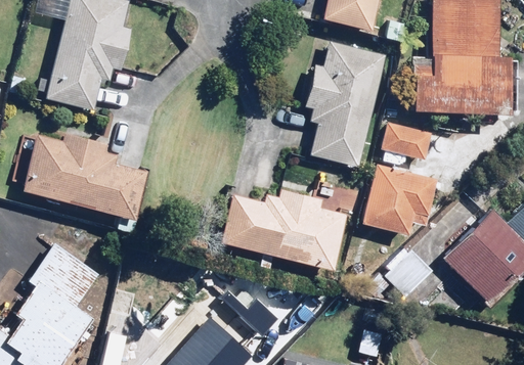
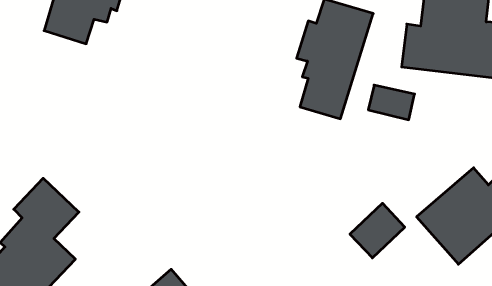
building: [24,135,147,217] -> none
building: [362,166,436,236] -> none
building: [223,190,347,270] -> none

